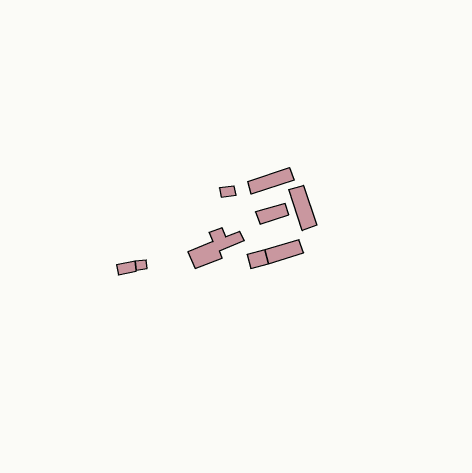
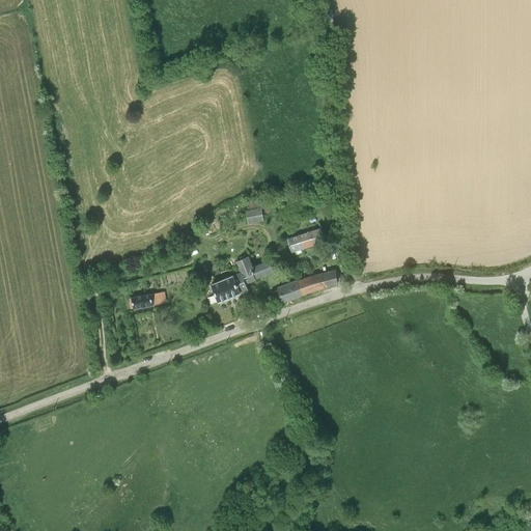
building: [248,168,294,194] -> none
building: [289,185,317,231] -> none

